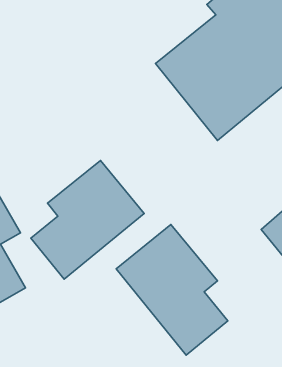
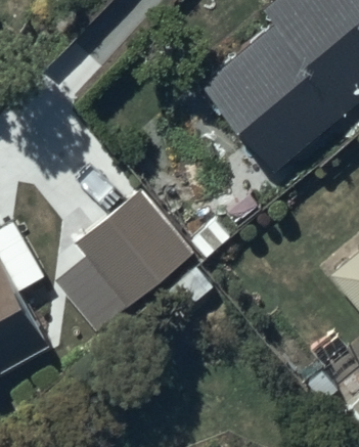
building: [116,225,228,355] -> none

